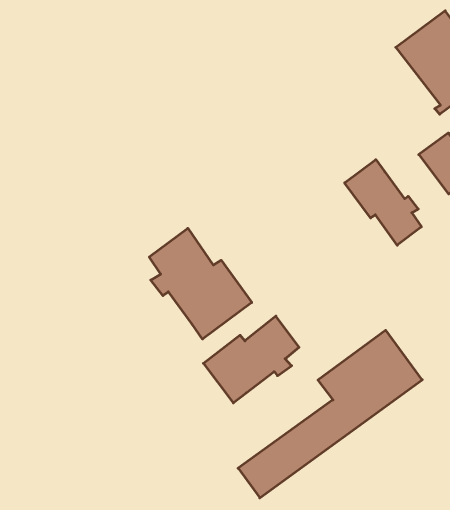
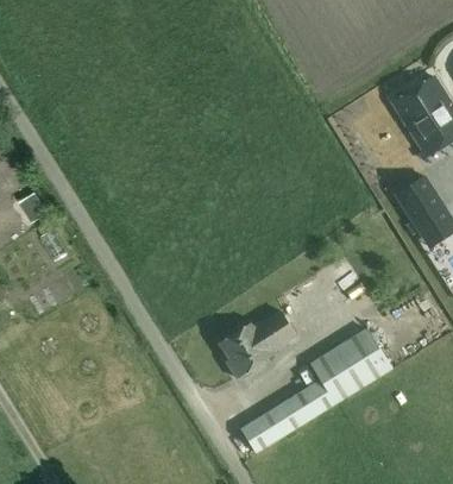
building: [345,160,421,245] -> none
building: [149,228,252,339] -> none

